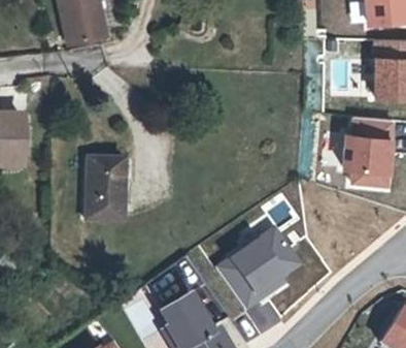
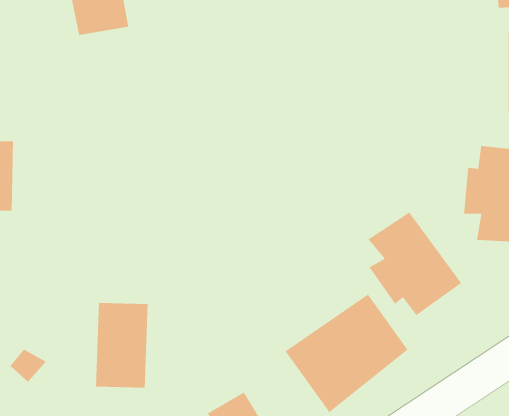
building: [84,159,123,221] -> [95,302,148,389]
building: none -> [367,211,462,316]

